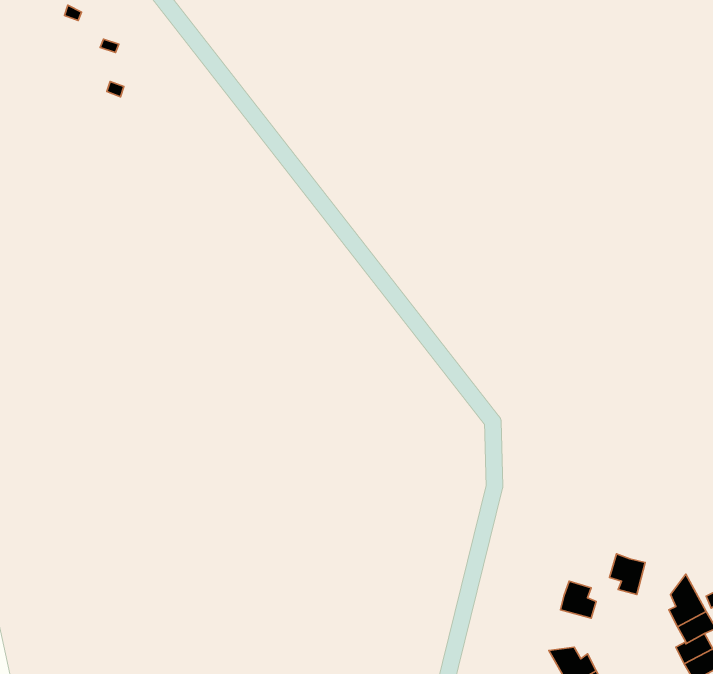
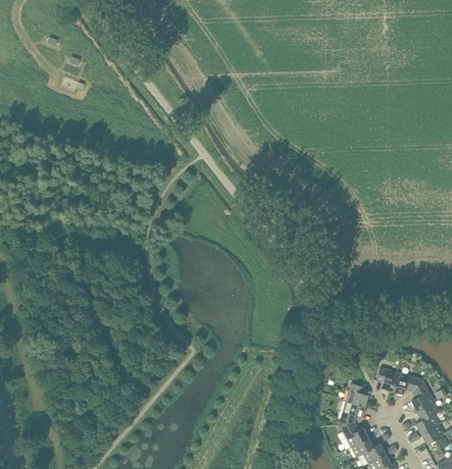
building: none -> [392,372,421,395]
building: none -> [339,401,364,425]

